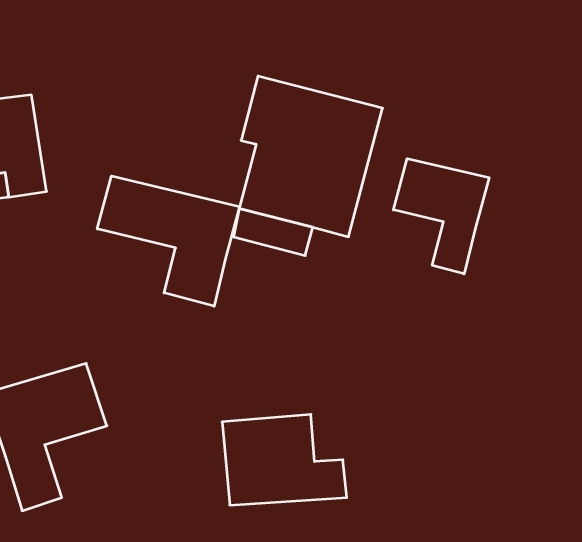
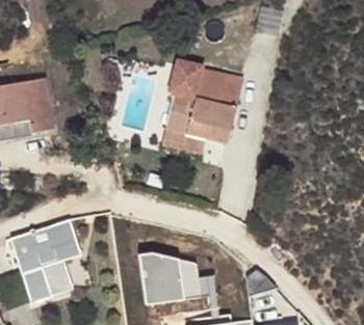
building: [393,159,489,274] -> none
building: [97,176,240,306] -> none

